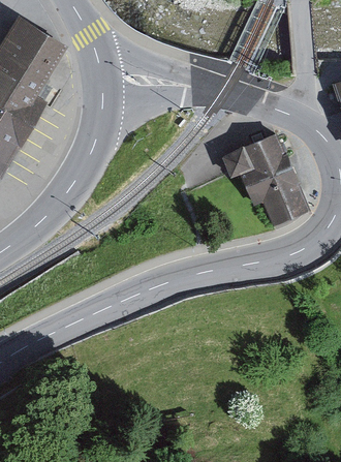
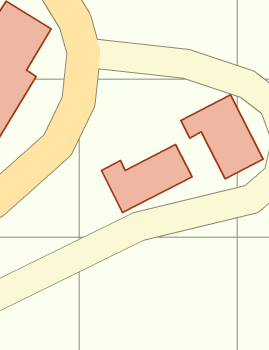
building: none -> [101,145,192,213]

